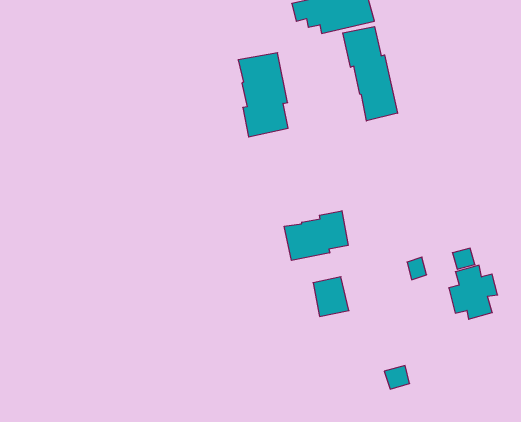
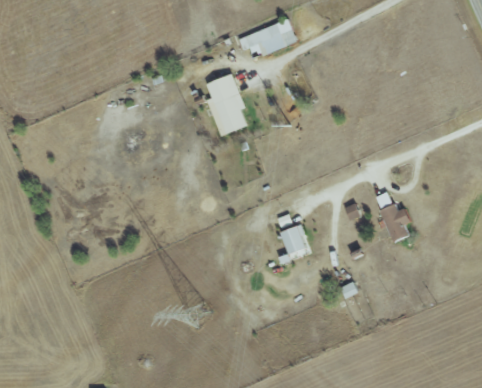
building: [343,27,398,121] -> none
building: [284,211,348,260] -> none

